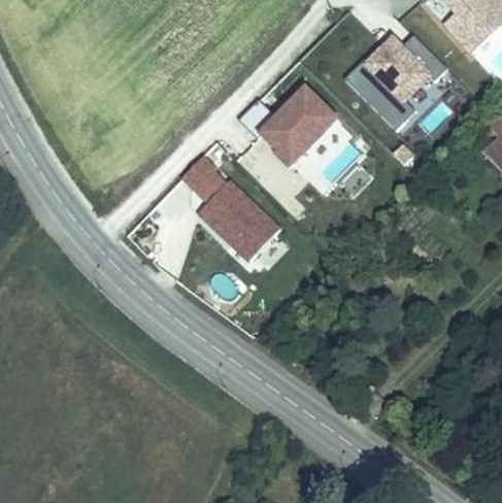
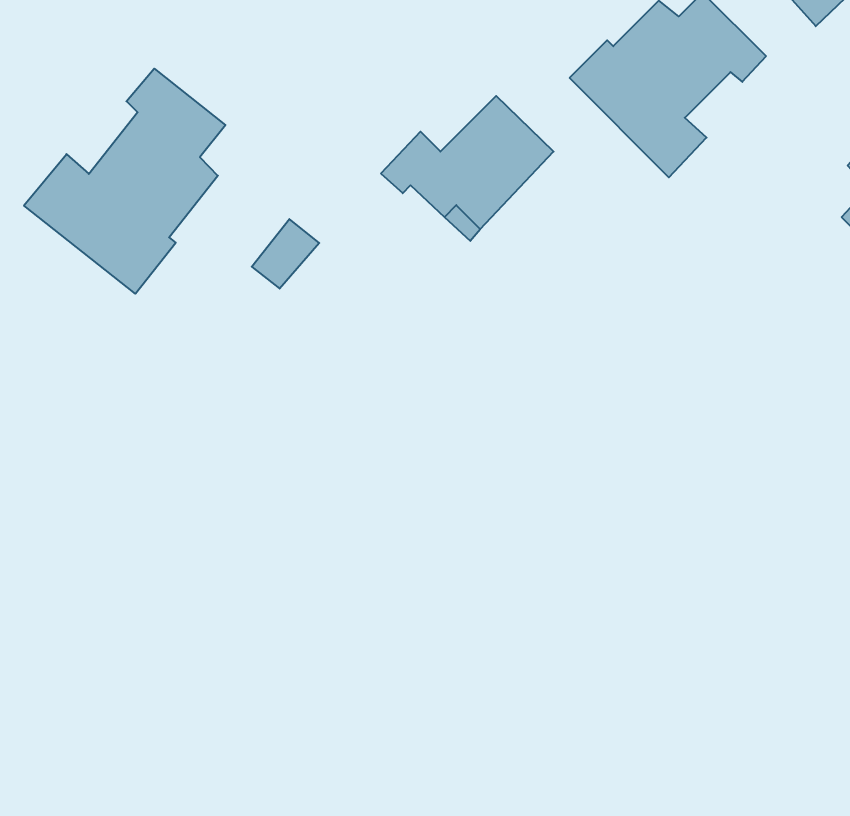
building: none -> [24,69,225,294]
building: [198,179,279,260] -> none

